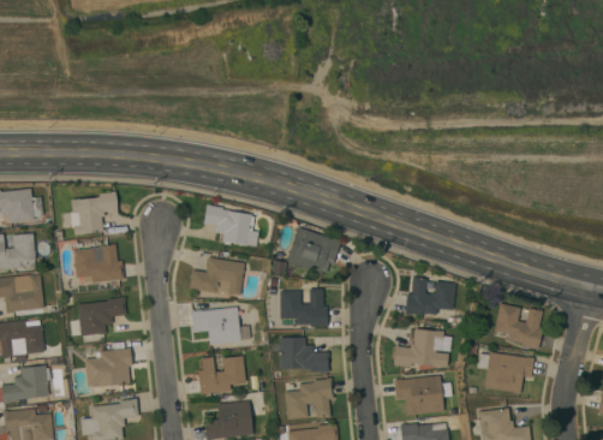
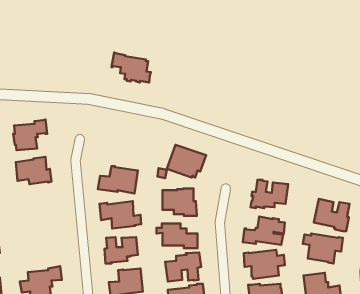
building: [203,204,258,246] -> [112,53,151,82]
building: [68,297,126,343] -> none
building: [85,347,132,387] -> none

